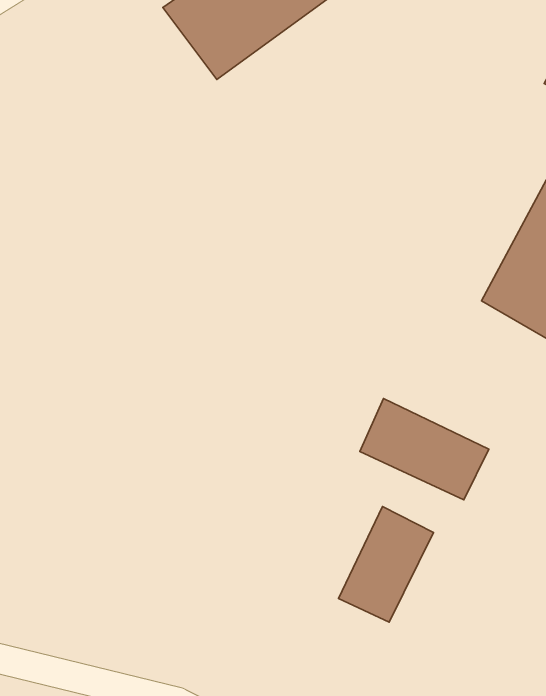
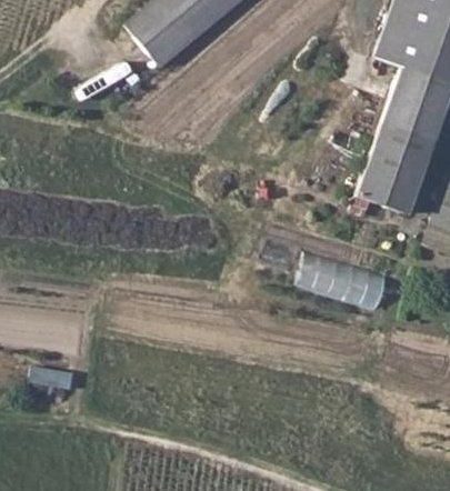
building: [339,507,433,622] -> none

